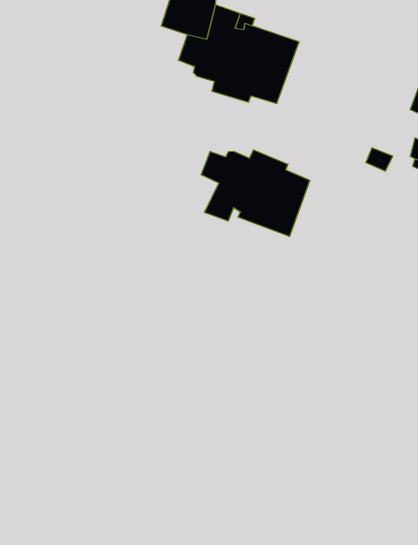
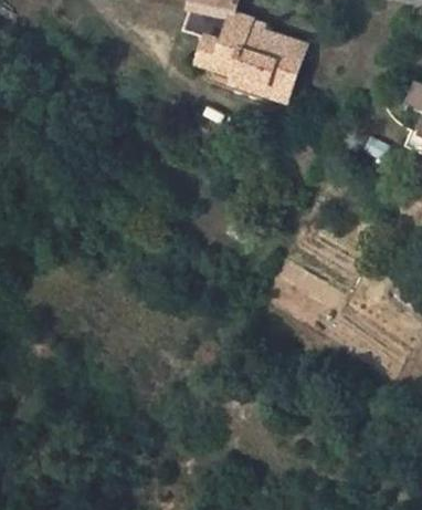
building: [201,150,310,237] -> none

